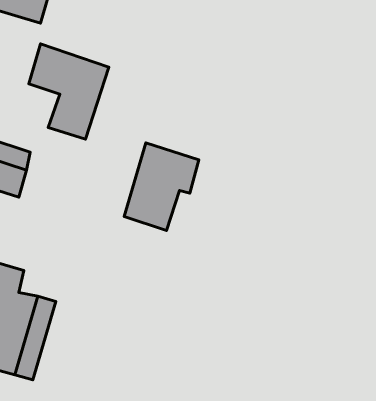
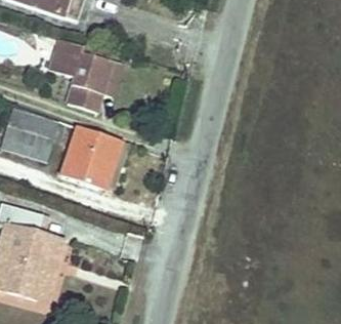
building: [124,143,199,231] -> [57,123,117,193]

